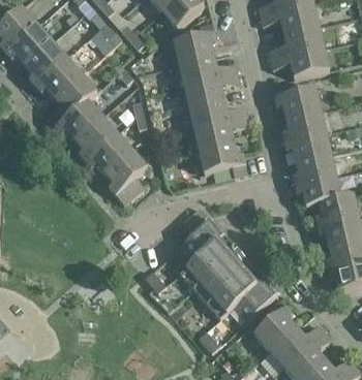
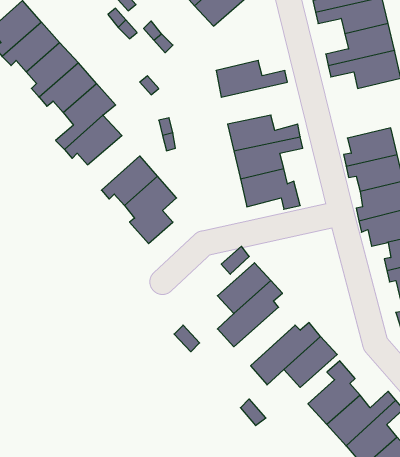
building: [173,22,216,63] -> none
building: [183,72,239,106] -> none
building: [272,85,321,118] -> none
building: [74,116,117,160] -> none
building: [193,255,243,303] -> none

